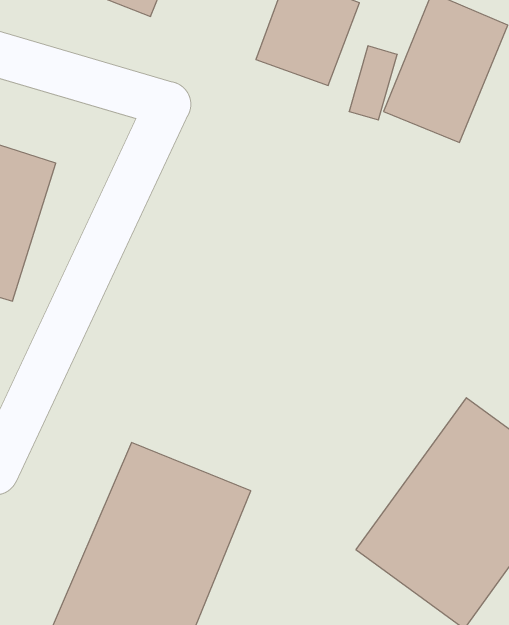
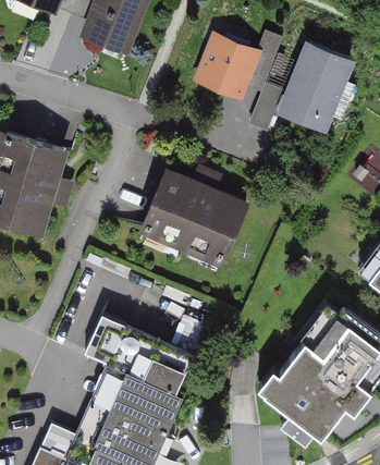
building: none -> [135,170,247,272]

